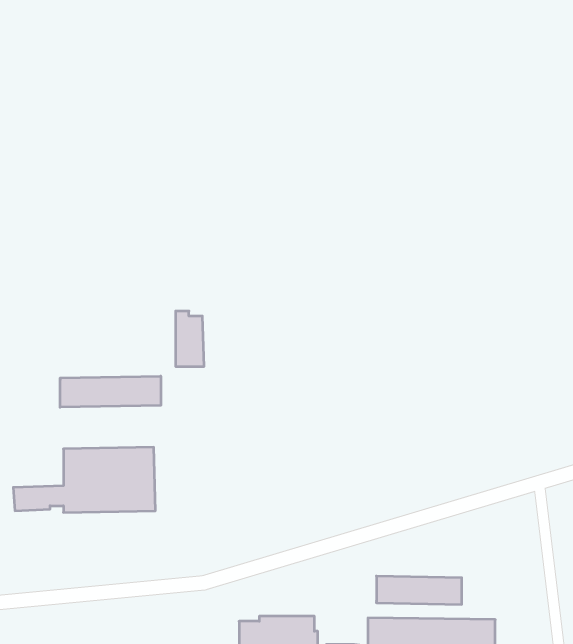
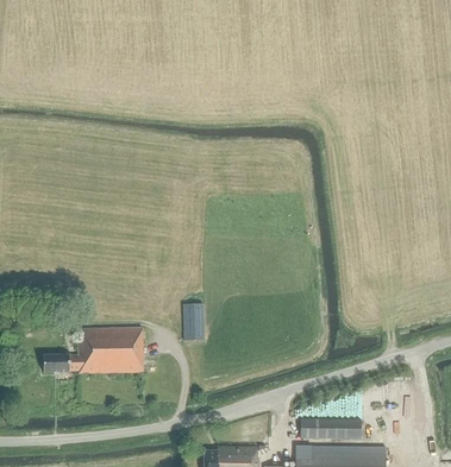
building: [176,311,204,366] -> [183,301,203,340]
building: [60,376,161,407] -> none

